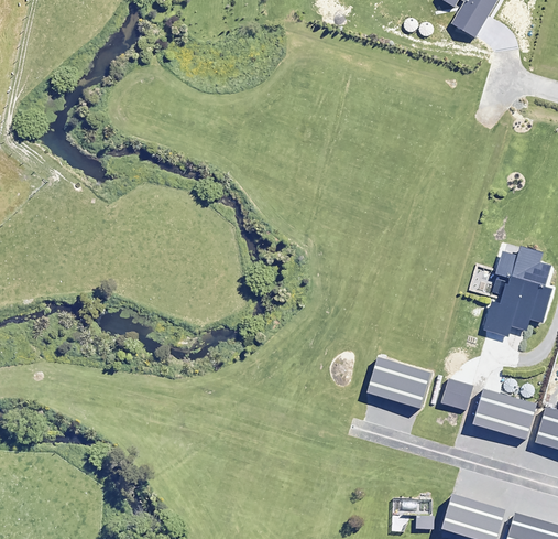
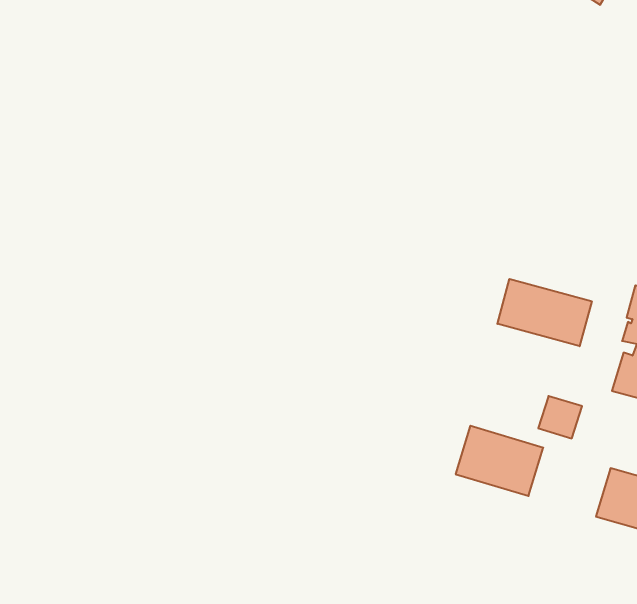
building: none -> [497,279,592,346]
building: [441,378,474,410] -> [538,396,582,438]

